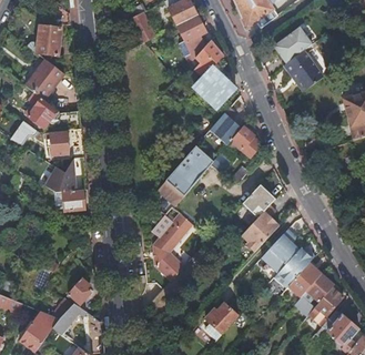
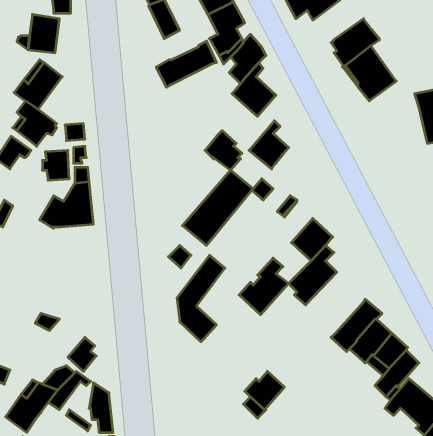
building: none -> [156,41,216,87]
building: [231,125,260,156] -> [205,131,242,170]
building: [62,189,89,210] -> none
building: [261,230,300,274] -> [239,258,289,315]

